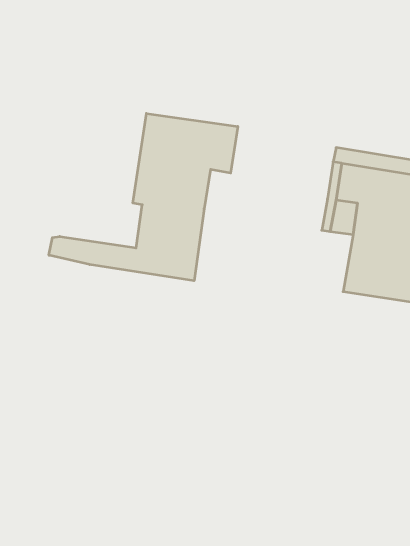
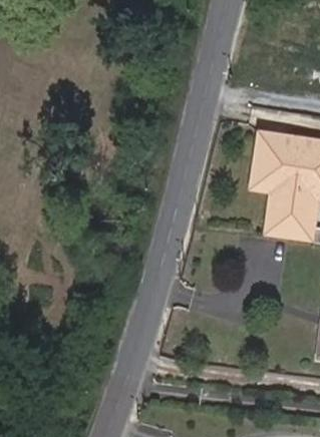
building: [49,113,238,281] -> none

